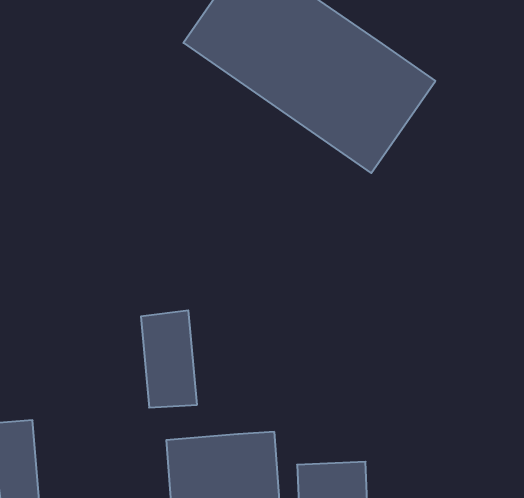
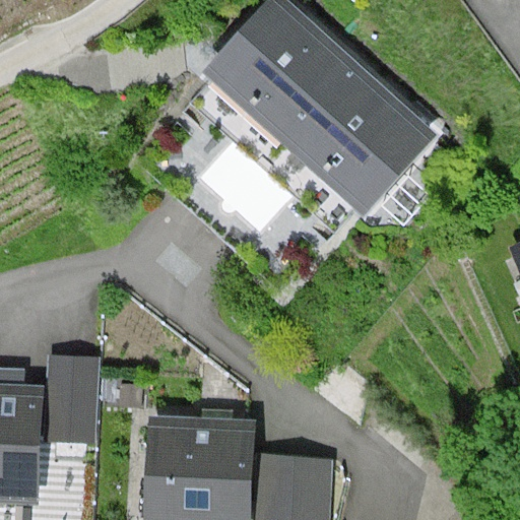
building: [141,310,197,408] -> [50,356,95,441]

